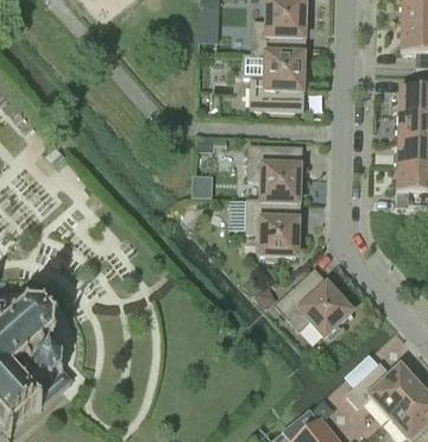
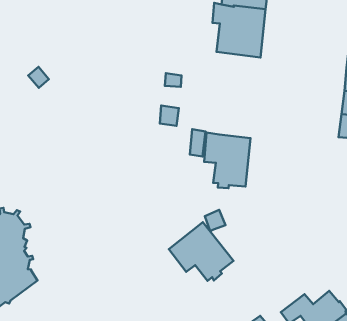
building: [250,144,301,200] -> none
building: [278,270,352,335] -> [169,222,234,281]

